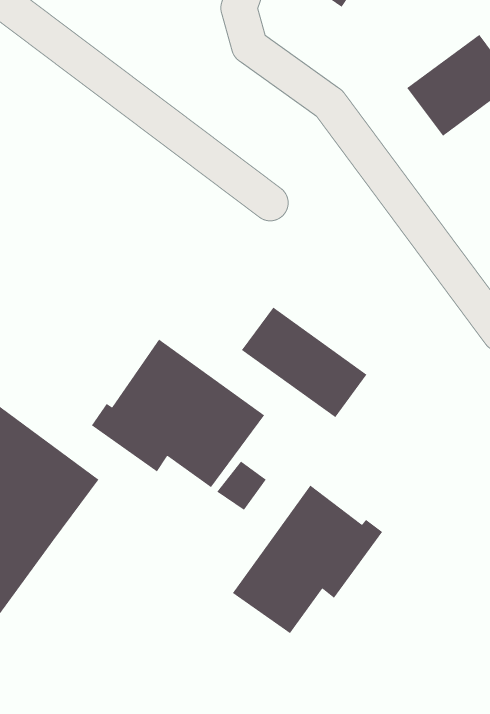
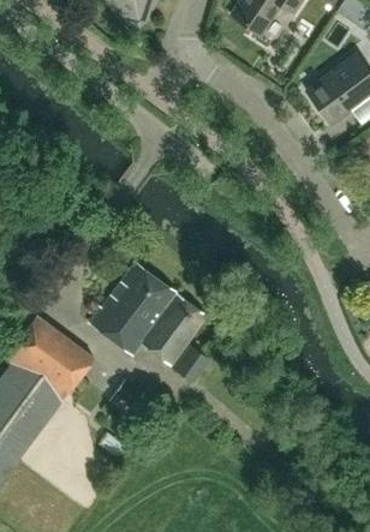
building: [241,306,368,418] -> none
building: [232,485,383,634] -> none

